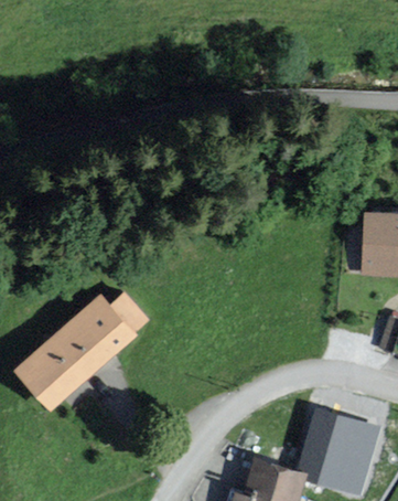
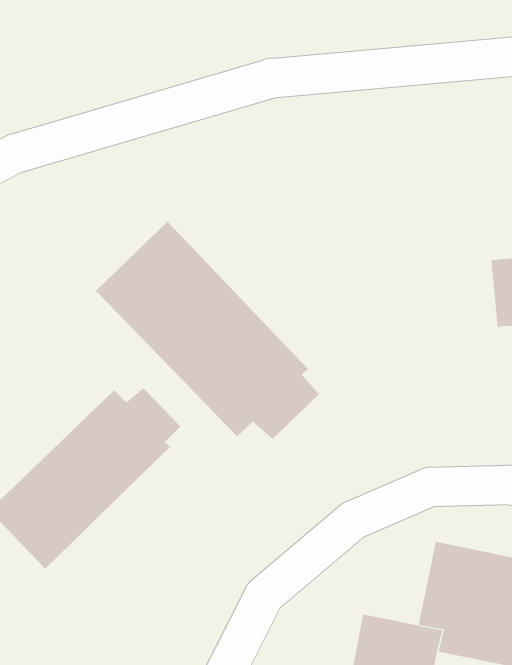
building: none -> [95,221,320,440]

